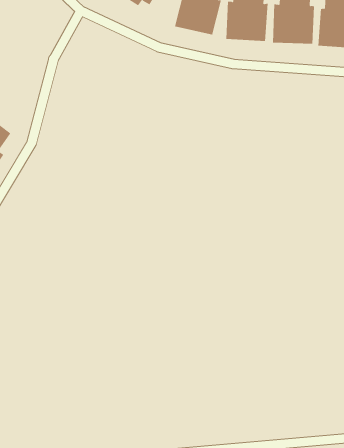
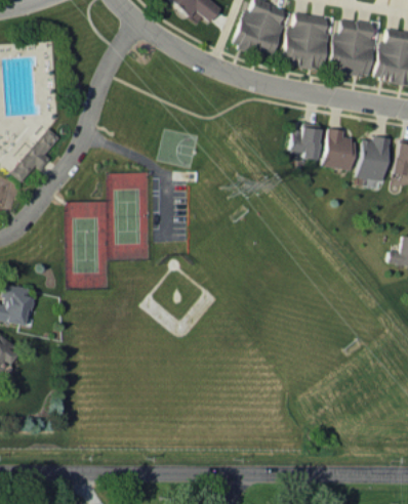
building: none -> [291,124,321,160]
building: none -> [323,128,357,170]
building: none -> [359,136,391,181]

